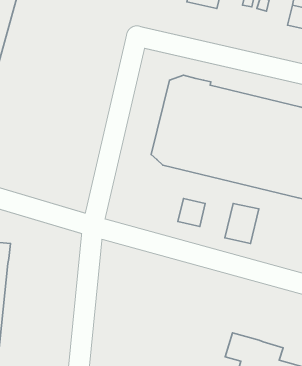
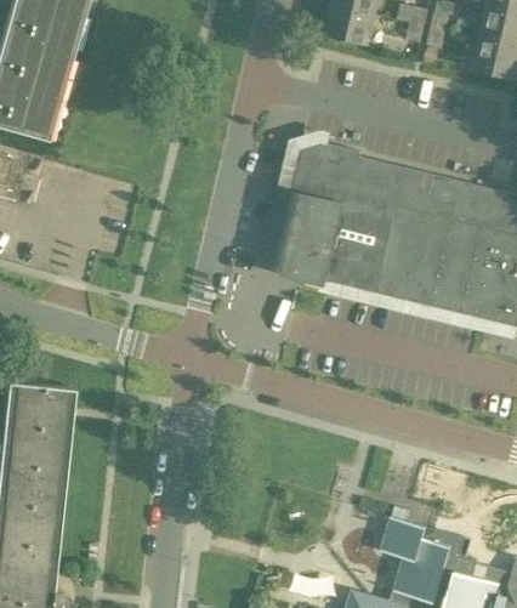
building: [178,199,205,226] -> none
building: [225,203,259,244] -> none

